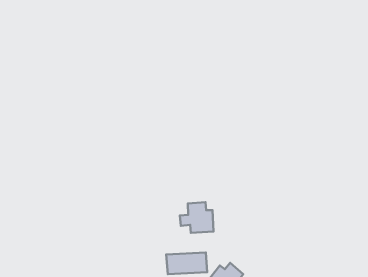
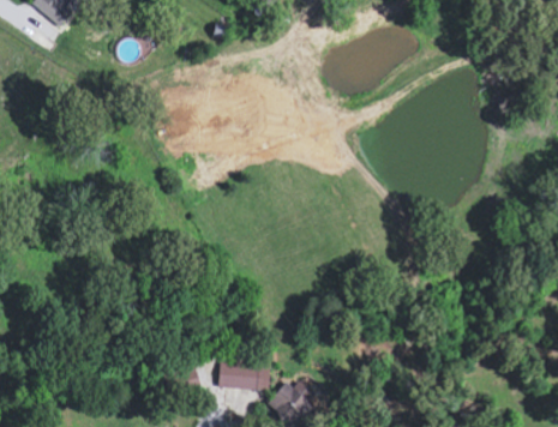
building: [180,202,213,233] -> none

